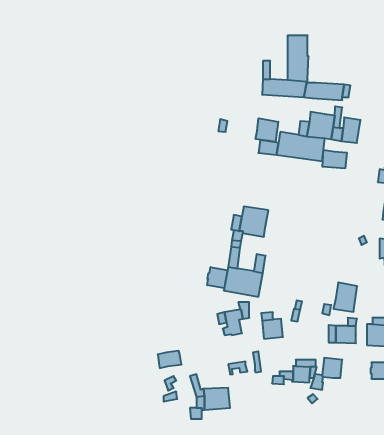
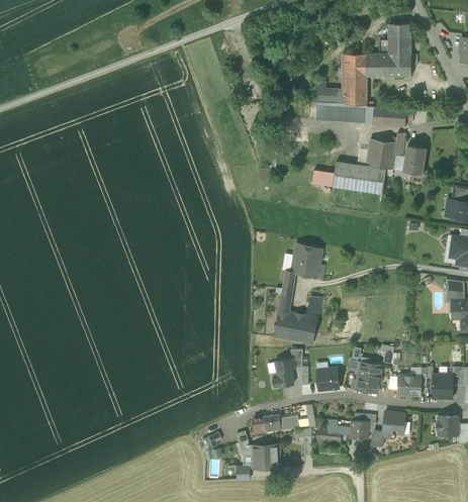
building: none -> [367,24,411,78]
building: none -> [325,83,345,104]
building: [256,118,278,142] -> none
building: [322,150,347,168] -> none
building: [207,267,227,288] -> none
building: [334,283,357,312] -> [356,362,382,394]
building: [158,351,182,368] -> [255,415,281,434]

